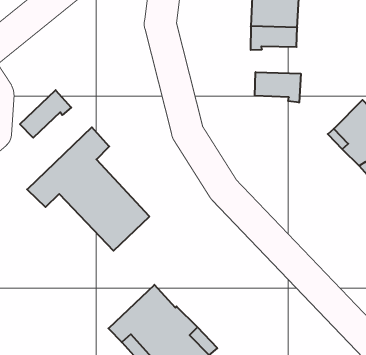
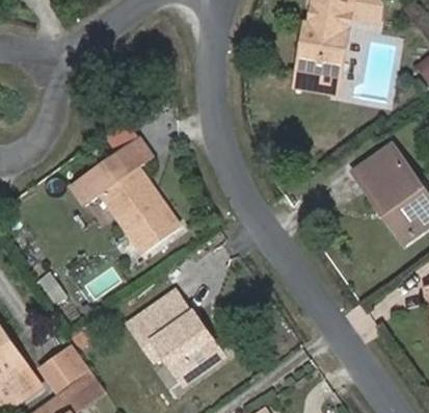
building: [255,72,301,103] -> none
building: [20,90,71,138] -> none

